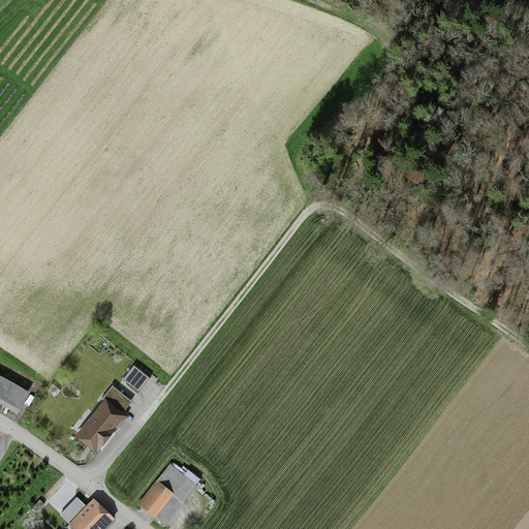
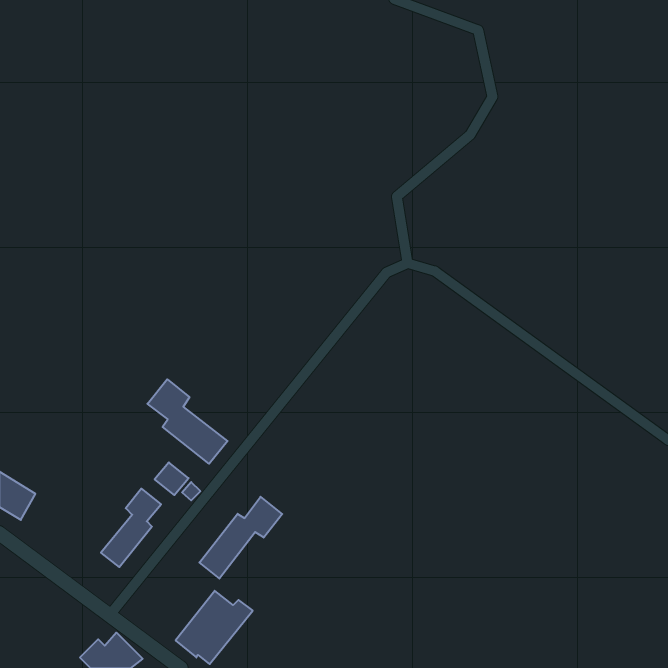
building: none -> [147,379,228,464]
building: none -> [199,497,282,579]

